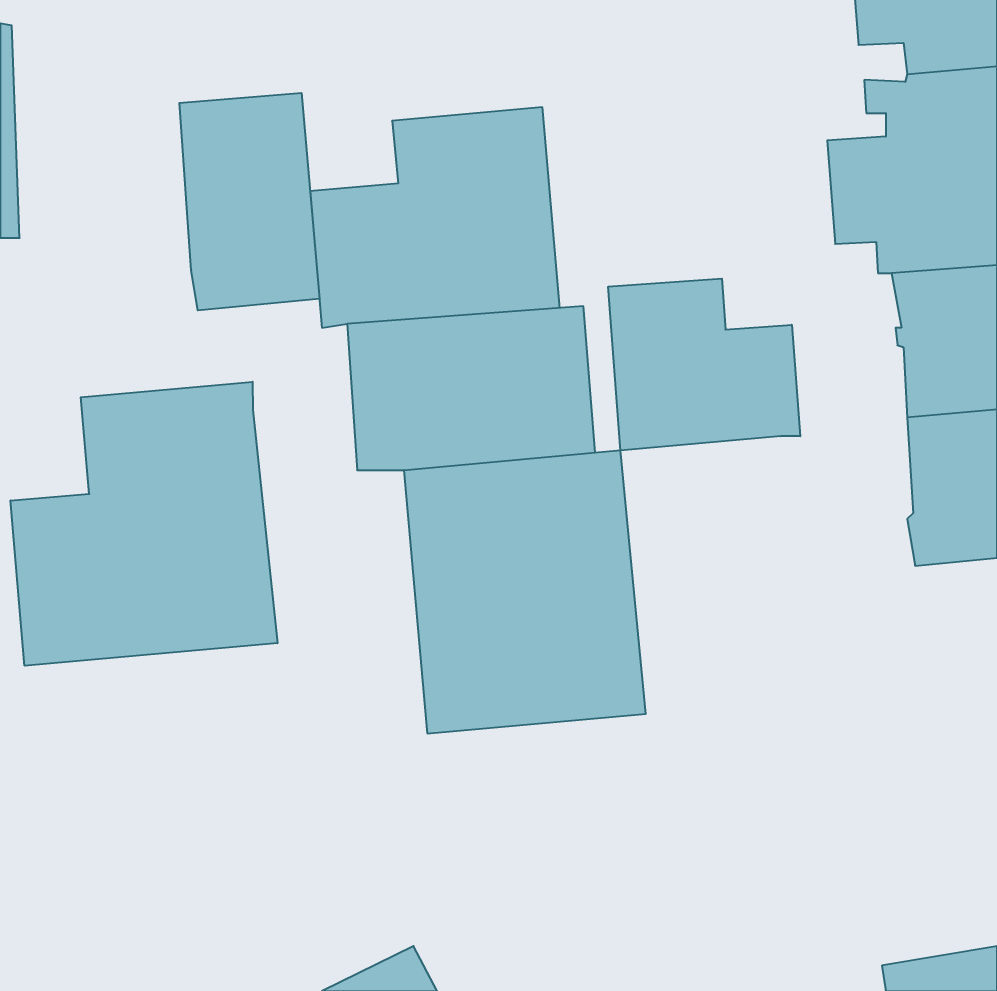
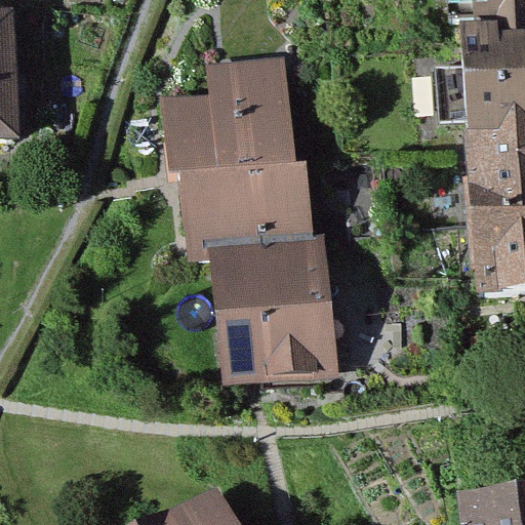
building: [179,93,319,310] -> none
building: [608,279,800,451] -> none
building: [11,382,277,666] -> none

